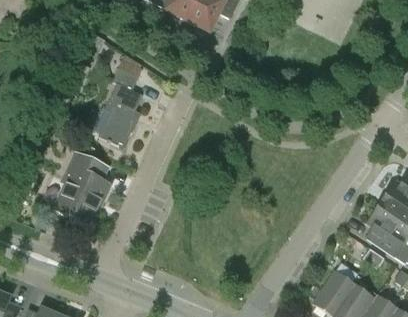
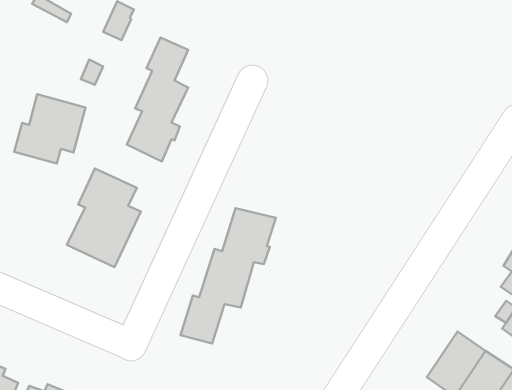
building: none -> [14,94,85,164]
building: none -> [180,208,276,343]

